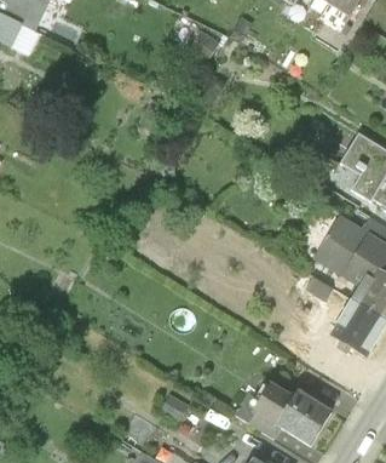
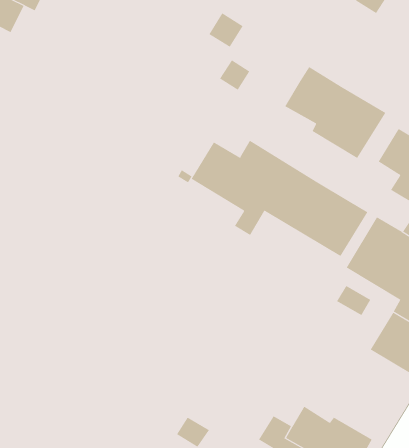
building: none -> [284,66,386,159]
building: none -> [191,140,368,257]

